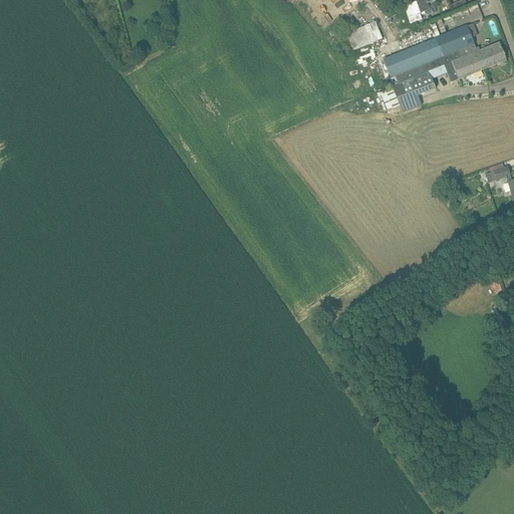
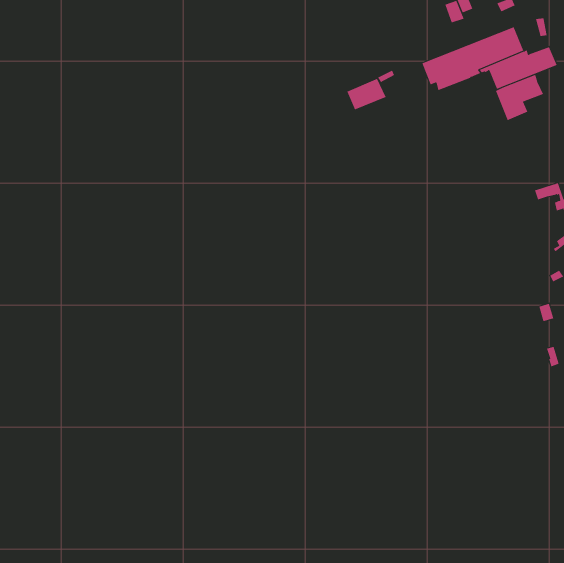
building: [347,20,383,49] -> [347,78,386,110]
building: [393,70,437,112] -> [495,74,544,121]

